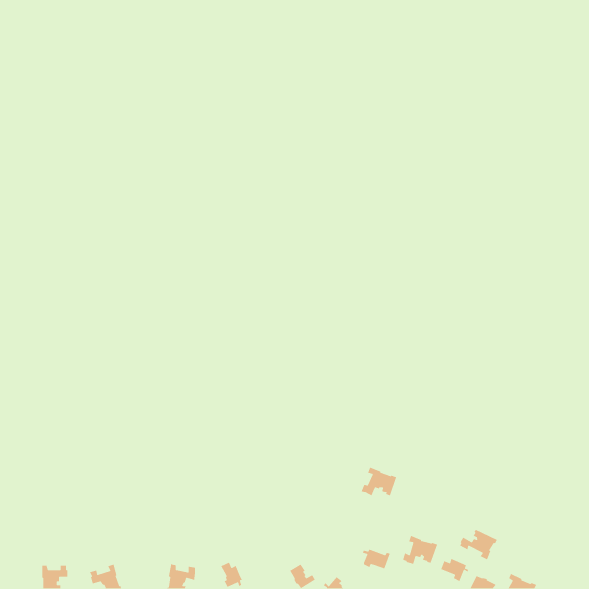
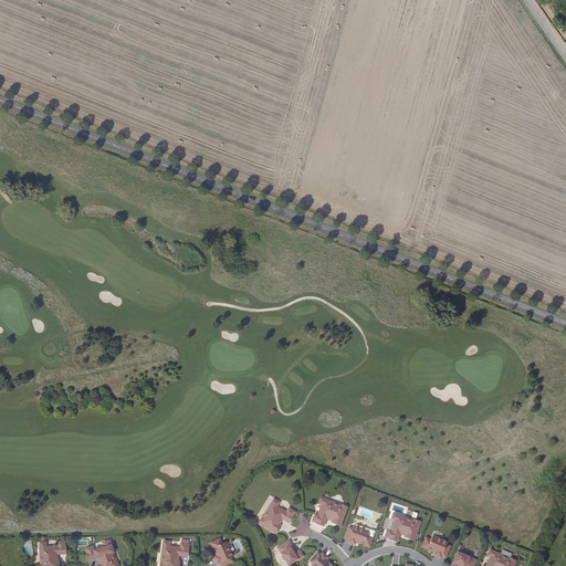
building: [360,466,397,496] -> [312,497,347,526]
building: none -> [259,500,295,534]
building: [459,529,498,560] -> none

